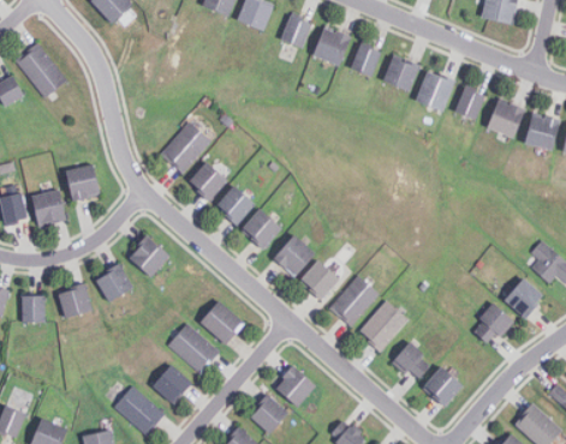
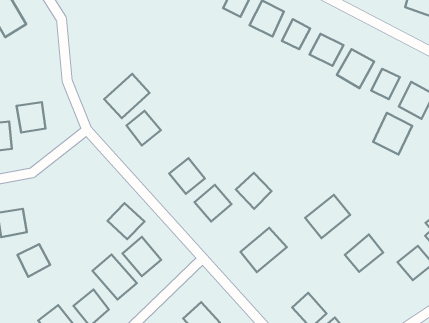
building: none -> [373,113,412,155]
building: [216,185,255,223] -> none
building: [127,235,168,275] -> [107,203,144,239]
building: [299,259,339,299] -> [236,173,271,209]
building: [95,264,132,301] -> [17,244,50,277]
building: [358,300,407,349] -> [305,195,350,238]
building: [470,302,512,344] -> [345,235,383,272]

